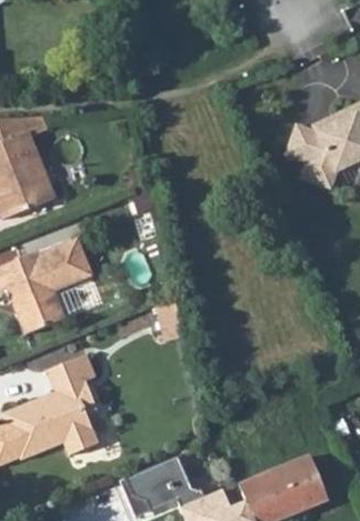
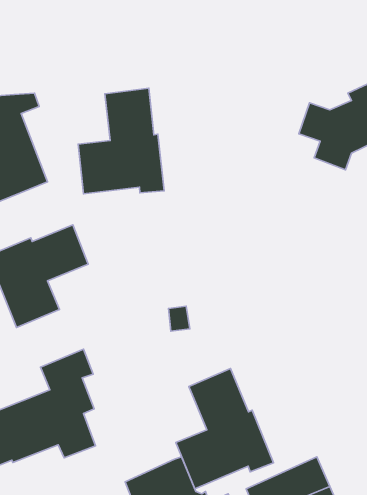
building: none -> [78,88,164,194]
building: none -> [176,369,274,489]

